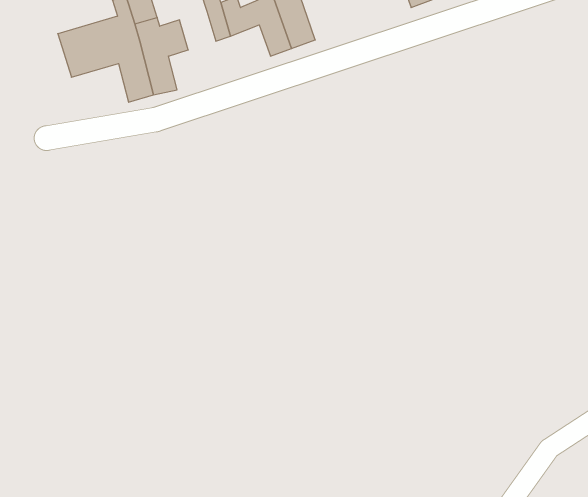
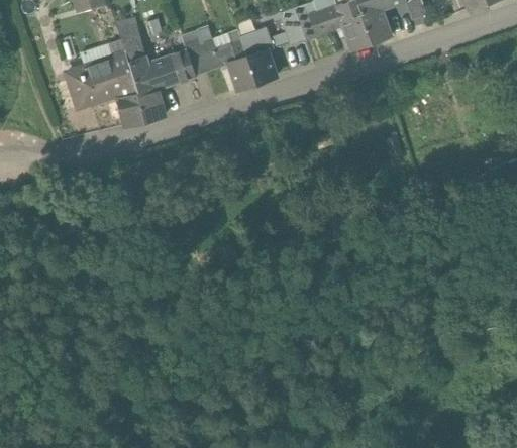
building: none -> [166,52,195,84]

